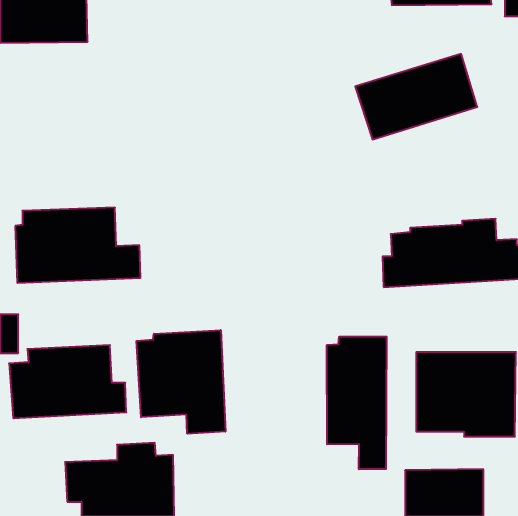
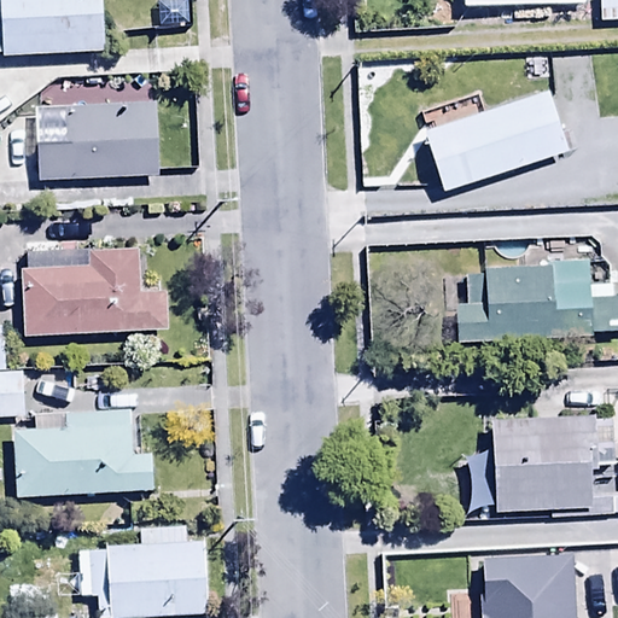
building: none -> [37,103,161,180]
building: [137,330,225,434] -> none
building: [327,337,387,469] -> none

